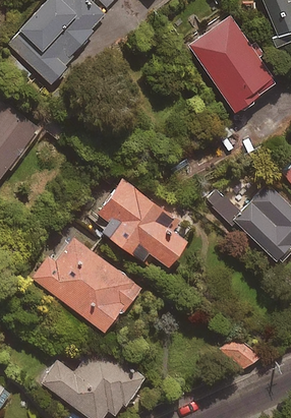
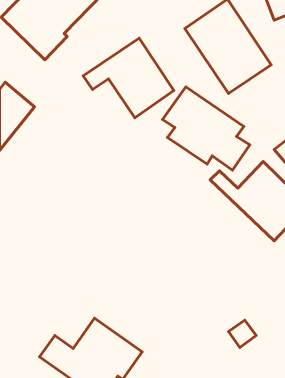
building: none -> [83,38,174,118]
building: [95,179,182,262] -> [162,87,250,170]
building: [35,238,141,324] -> none

